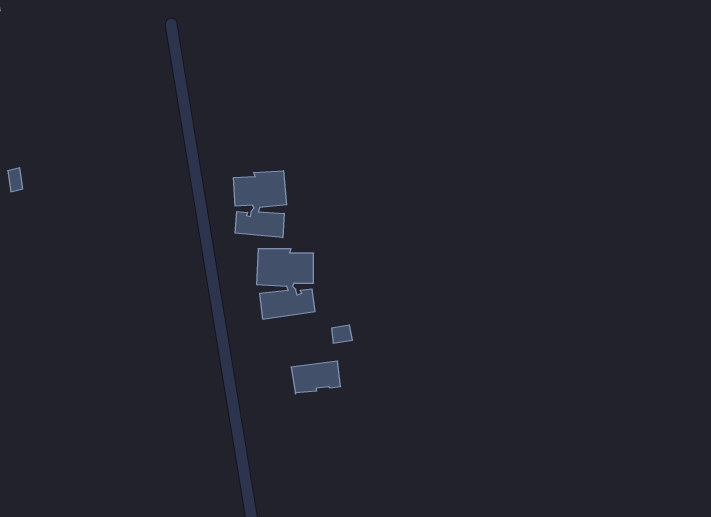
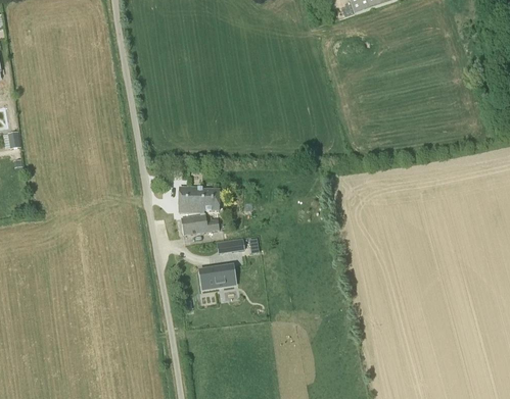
building: [234,171,287,238] -> none

